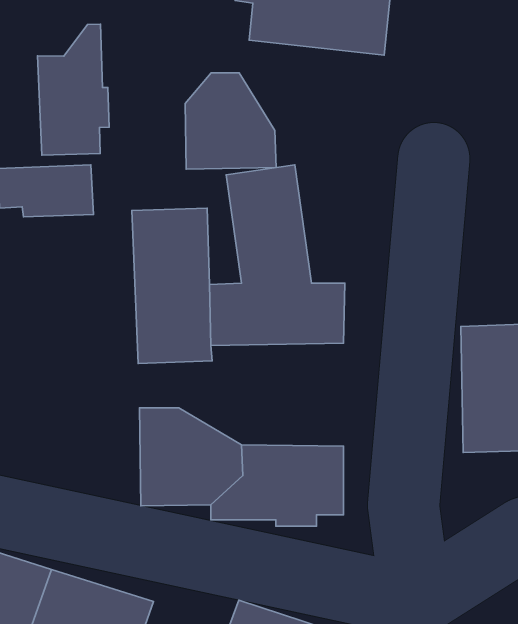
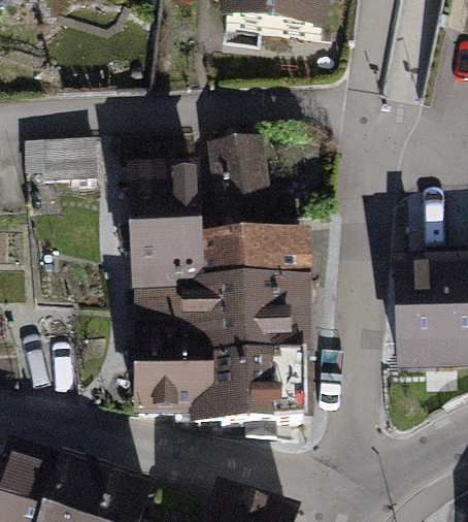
building: [38,24,109,155] -> none
building: [185,73,276,169] -> none
building: none -> [137,280,303,363]

